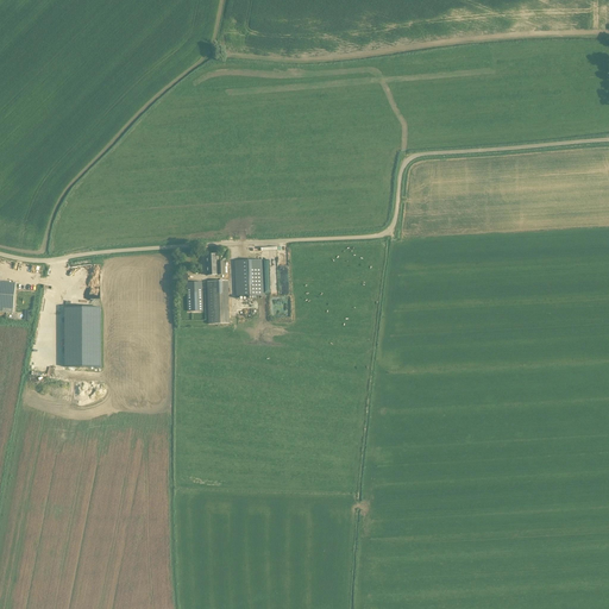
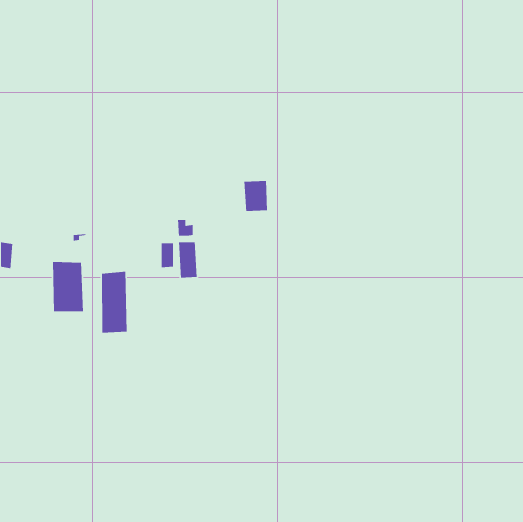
building: [234,259,263,296] -> [243,180,268,212]
building: none -> [101,271,127,333]

